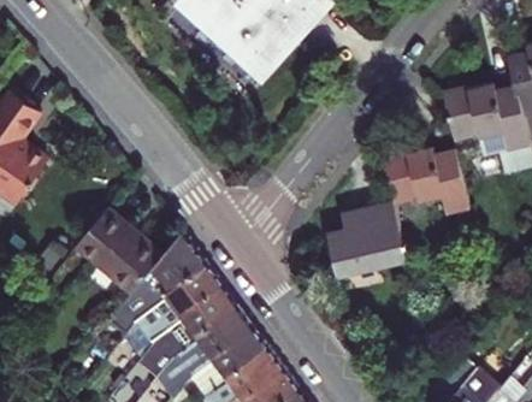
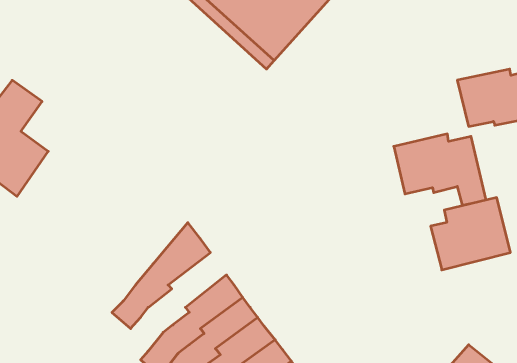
building: [327,205,404,274] -> [431,198,510,270]
building: [75,211,161,292] -> none
building: [126,261,219,356] -> none

